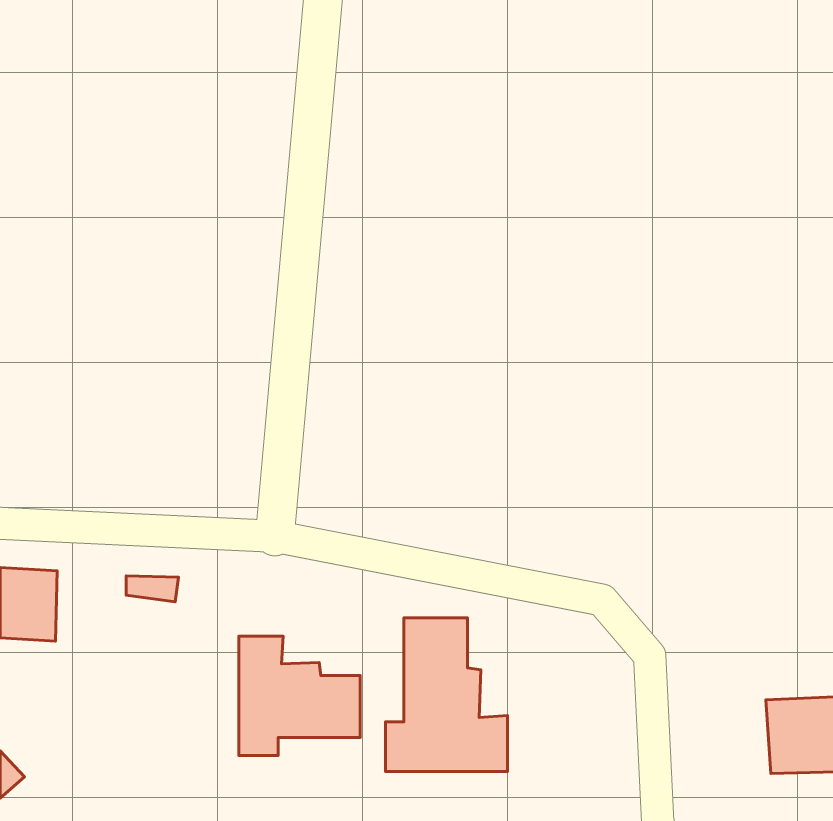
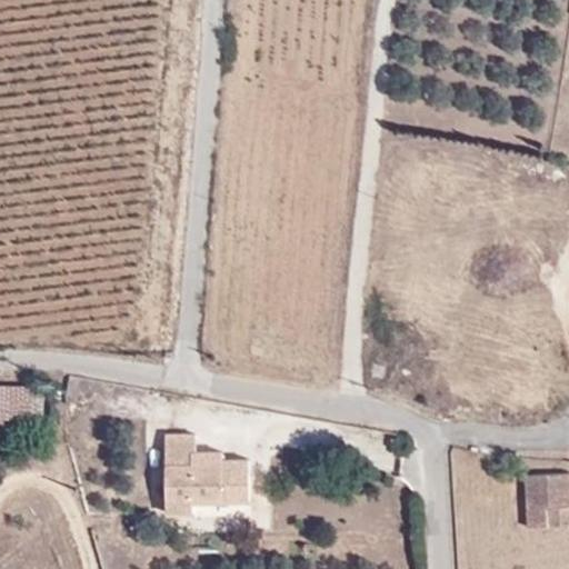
building: [386,618,508,772] -> none

